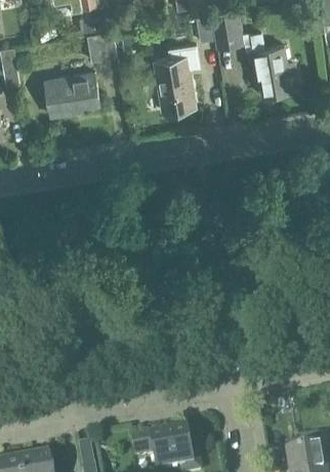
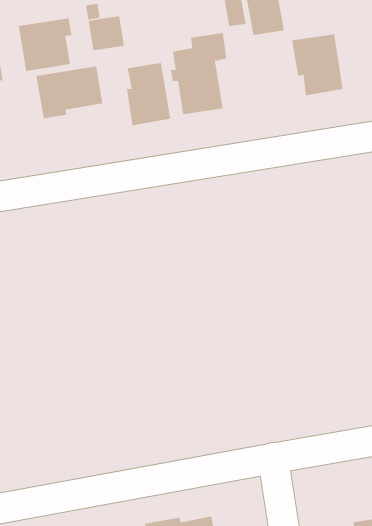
building: none -> [18,17,72,72]
building: none -> [126,62,171,126]

